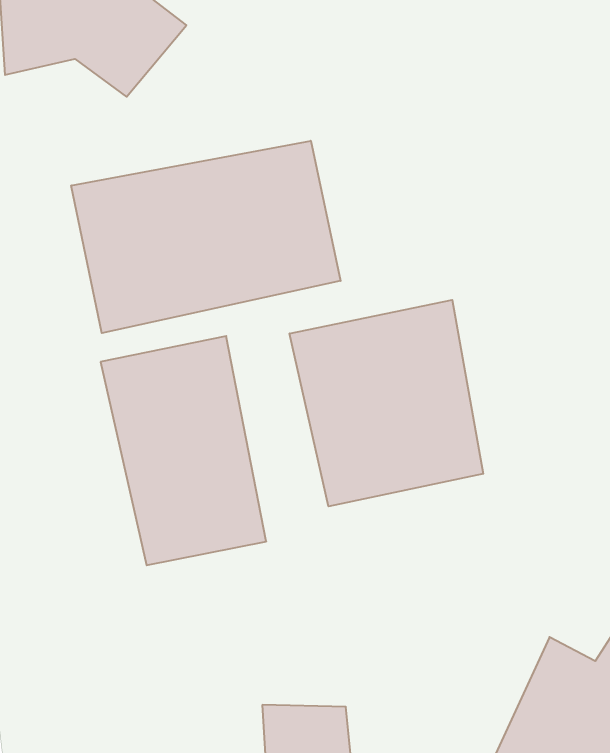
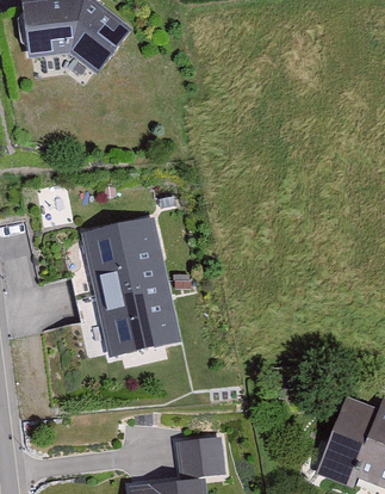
building: [71,141,341,333] -> none
building: [290,300,483,506] -> none

